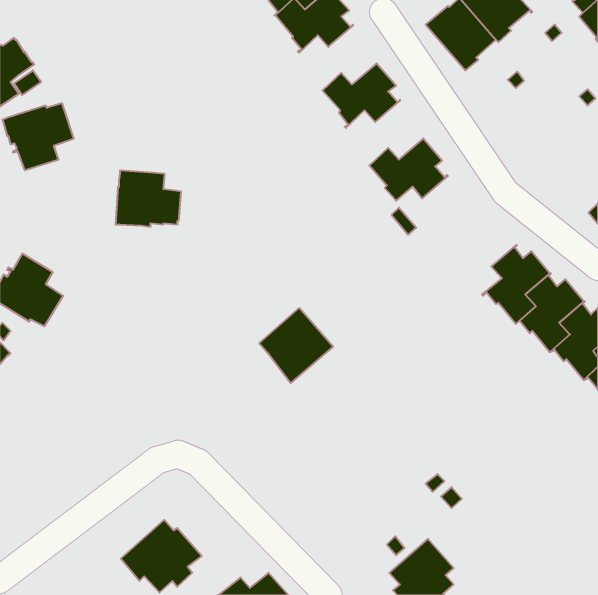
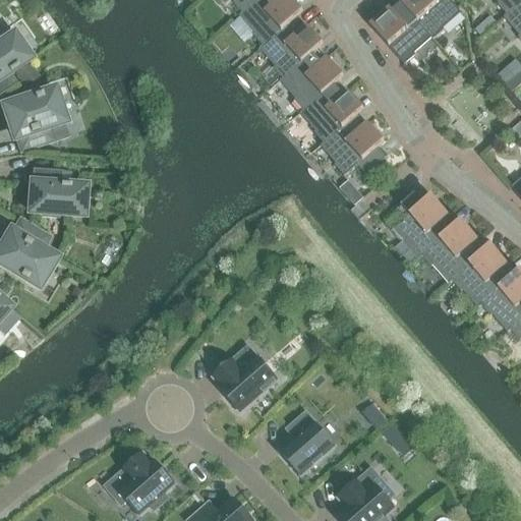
building: none -> [259,22,327,78]
building: none -> [300,88,367,143]
building: [115,170,181,227] -> [27,167,84,216]
building: none -> [391,187,448,255]
building: [259,308,333,383] -> [213,345,277,410]
building: none -> [280,411,335,474]

